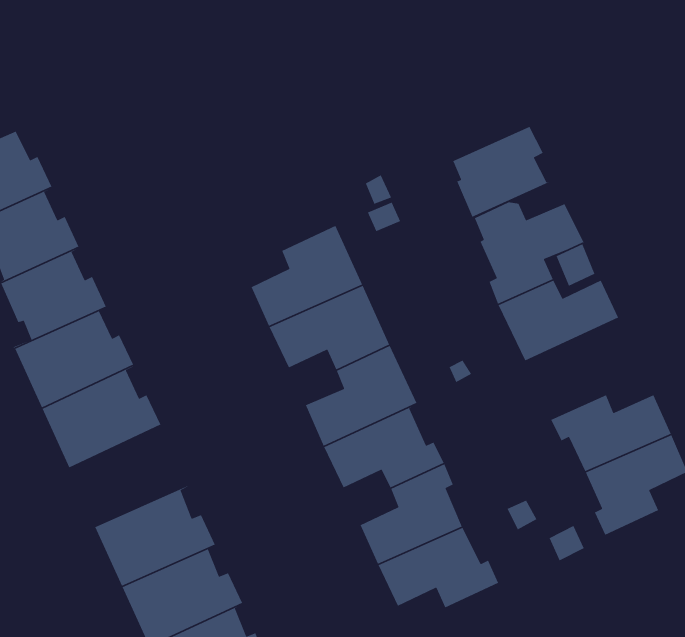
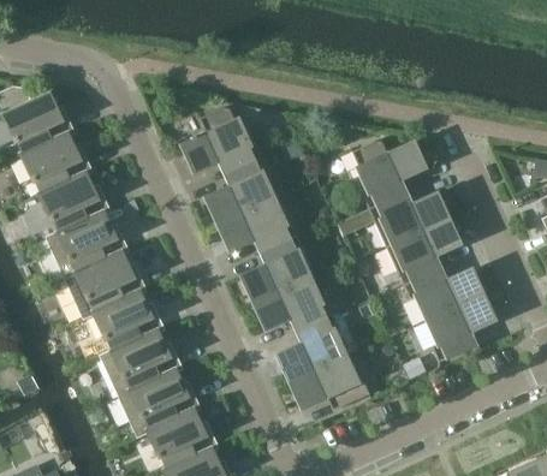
building: [448,126,557,224] -> none
building: none -> [182,108,262,174]
building: none -> [387,219,460,286]
building: none -> [85,290,165,357]

